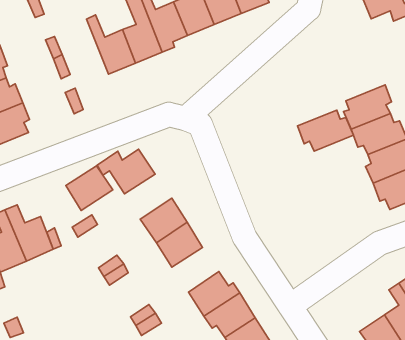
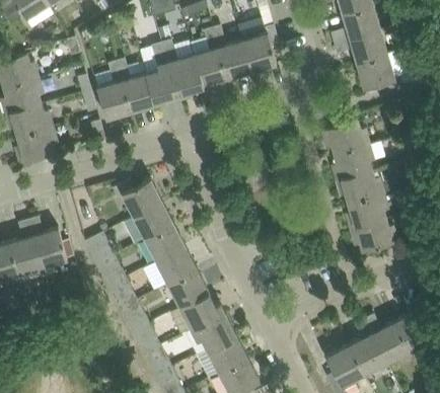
building: none -> [96,61,130,117]
building: [298,110,353,151] -> [321,122,369,155]
building: [66,166,113,211] -> [133,202,173,239]
building: none -> [167,269,208,307]

